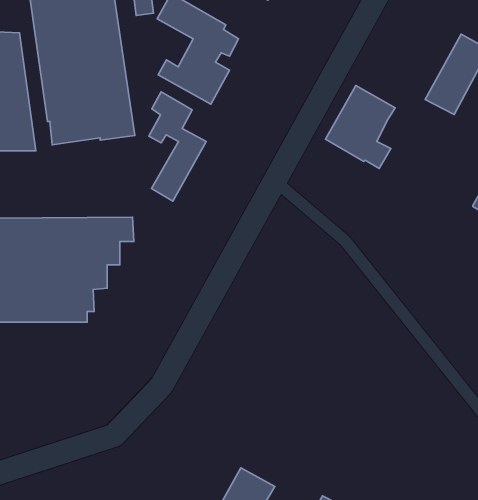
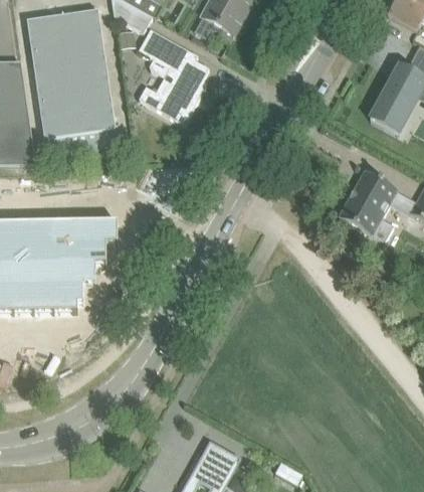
building: [325,86,395,168] -> [338,168,398,239]
building: [149,92,206,201] -> none

